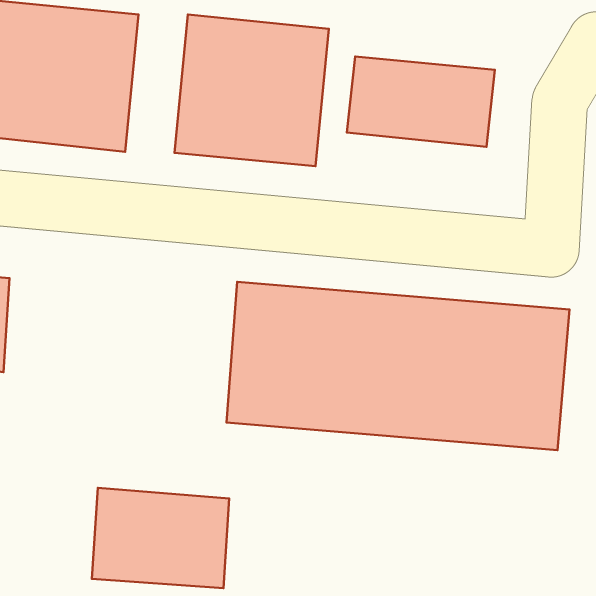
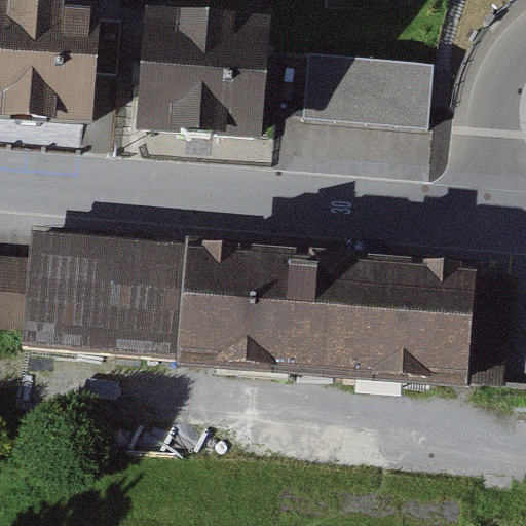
building: none -> [18,229,186,353]
building: [92,488,229,588] -> none

